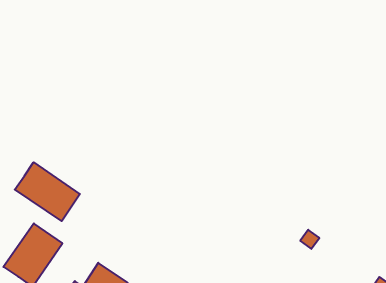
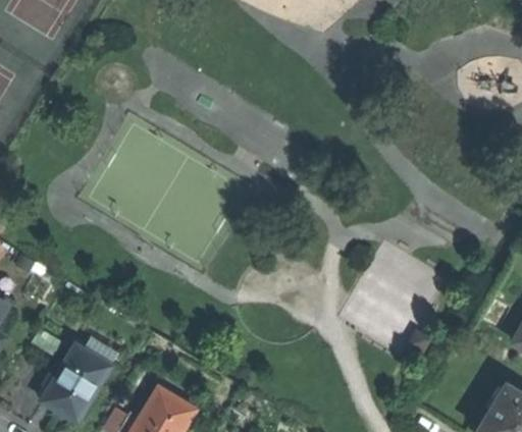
building: [15,162,80,221] -> none

